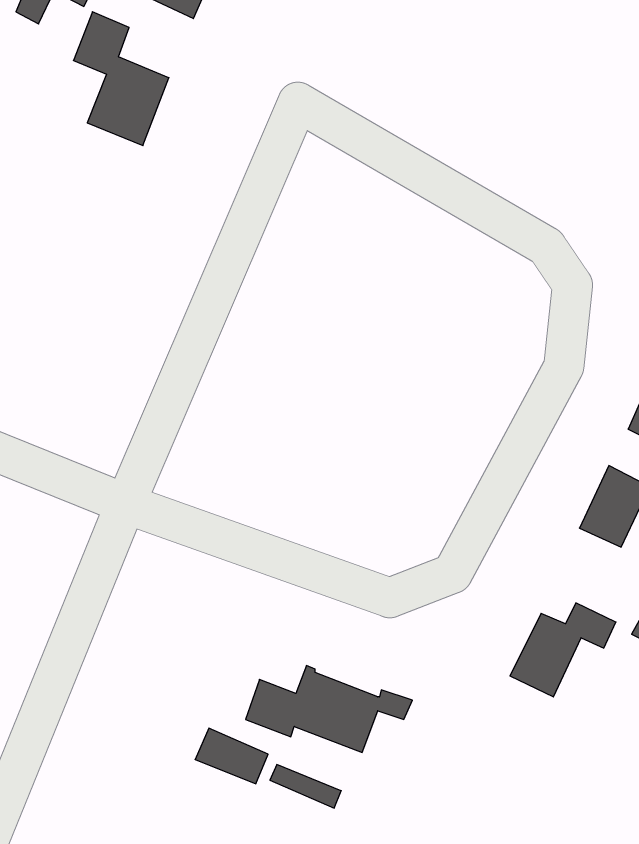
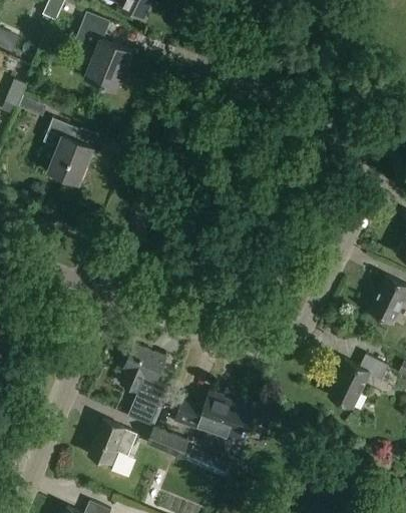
building: none -> [45,119,93,183]
building: none -> [120,344,166,427]
building: none -> [88,420,137,467]

